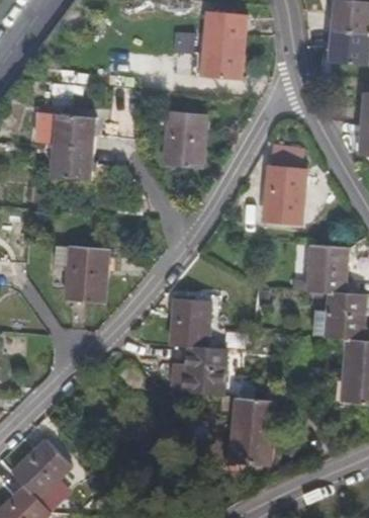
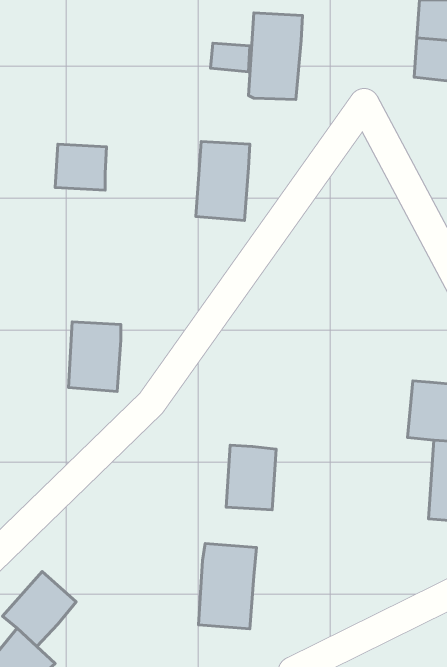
building: [53,145,93,180] -> none
building: [262,164,304,223] -> none
building: [308,244,347,294] -> none
building: [171,296,209,344] -> none
building: [232,396,276,461] -> [199,543,256,629]

